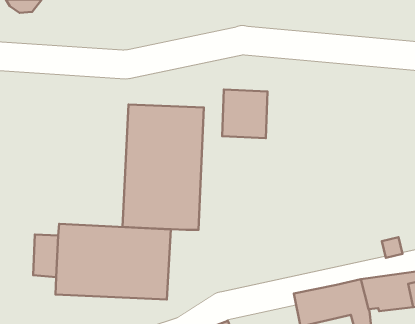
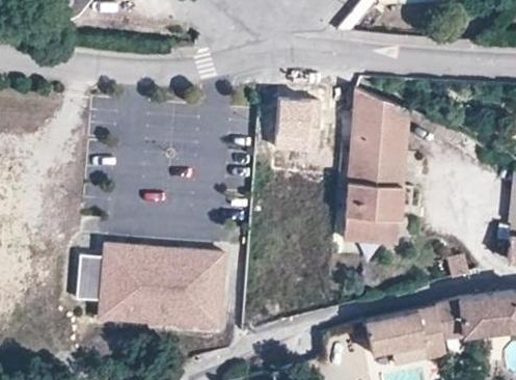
building: none -> [343,87,404,248]
building: [122,105,204,230] -> none

